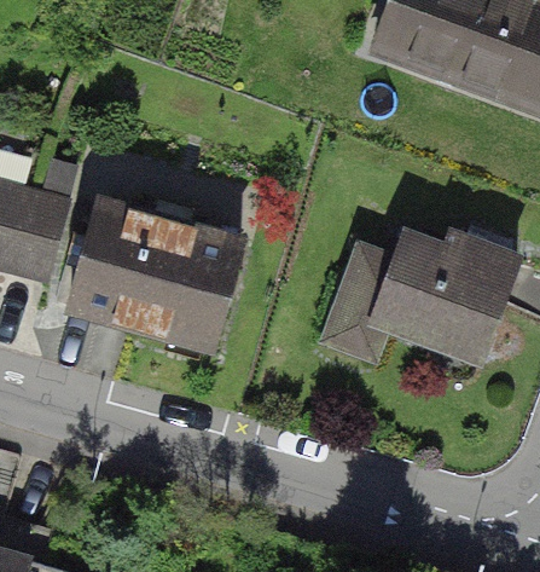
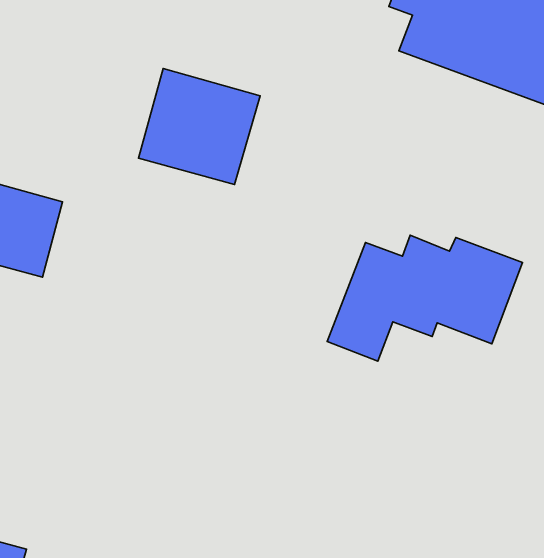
building: none -> [139,69,260,184]
building: [70,202,242,346] -> none

